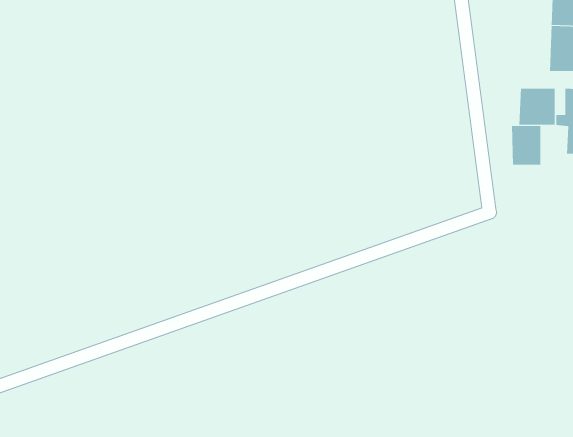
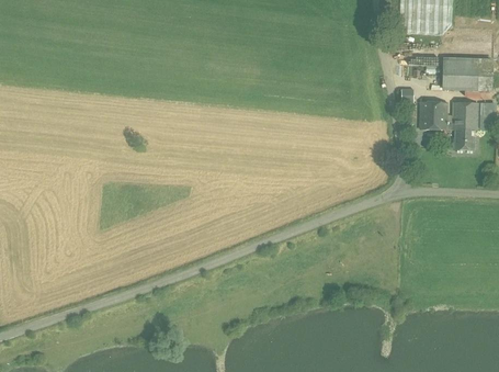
building: [511,125,541,165] -> none

